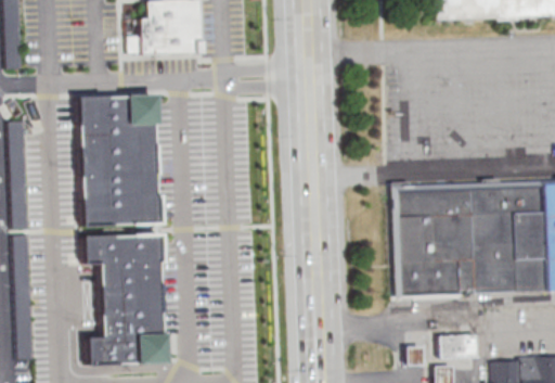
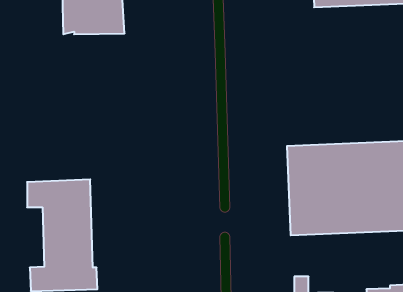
building: [81,93,163,225] -> none
building: [436,333,476,359] -> none

